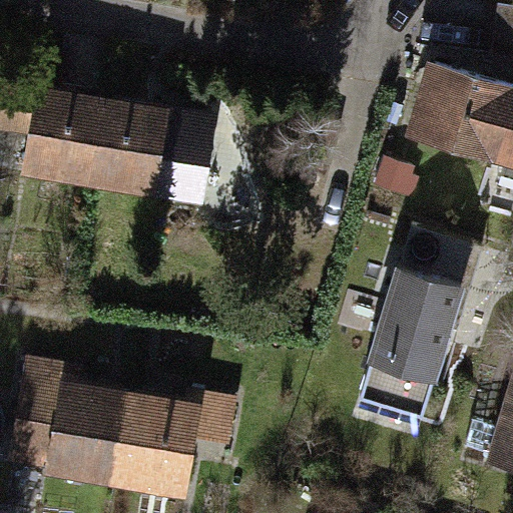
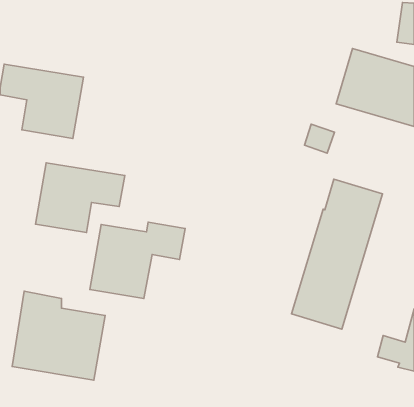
building: [90,104,200,190] -> [36,163,125,232]
building: [116,396,234,490] -> [90,222,185,298]

